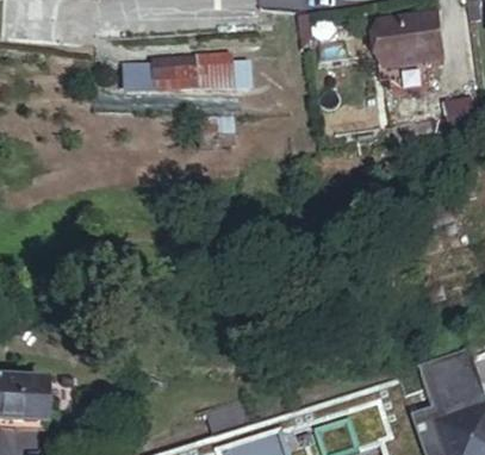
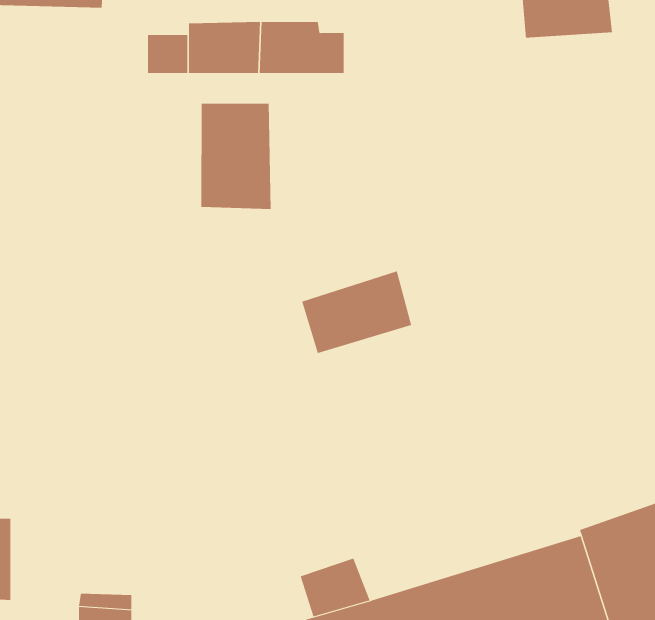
building: none -> [201,103,271,210]
building: none -> [301,270,412,354]

